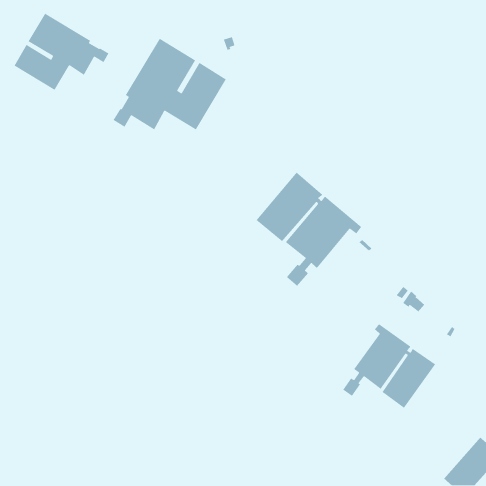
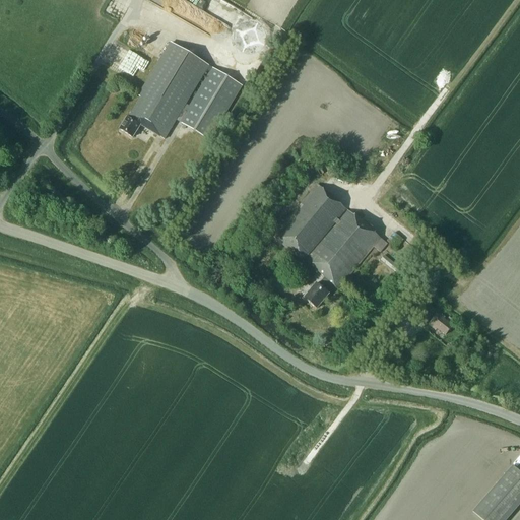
building: [14,13,109,91] -> none
building: [342,323,436,409] -> none

